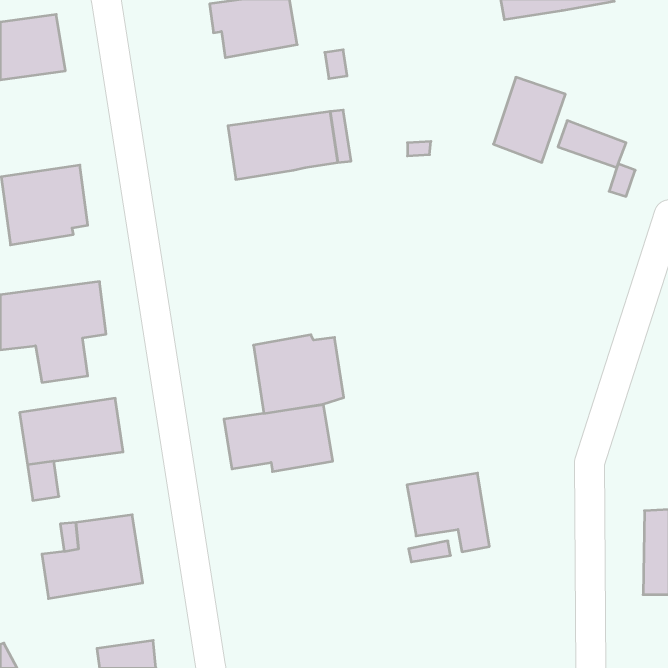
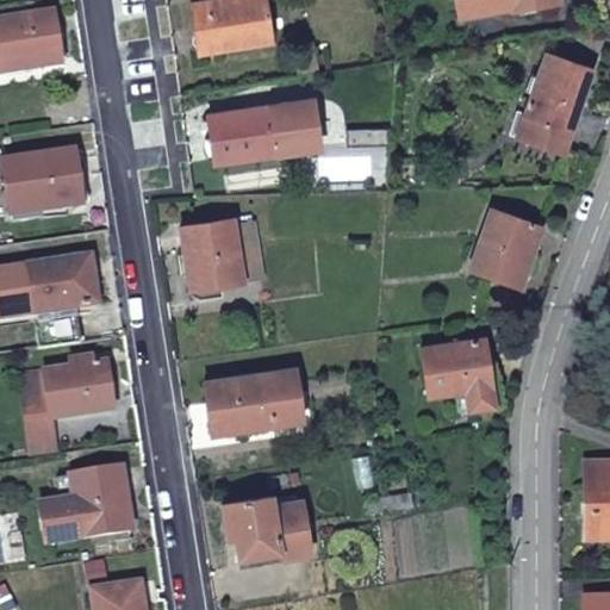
building: [493,77,565,162] -> [527,52,592,130]
building: none -> [471,208,542,286]
building: [253,335,344,413] -> [181,218,263,290]
building: [407,473,489,552] -> [421,337,496,409]
building: none -> [224,496,312,566]

